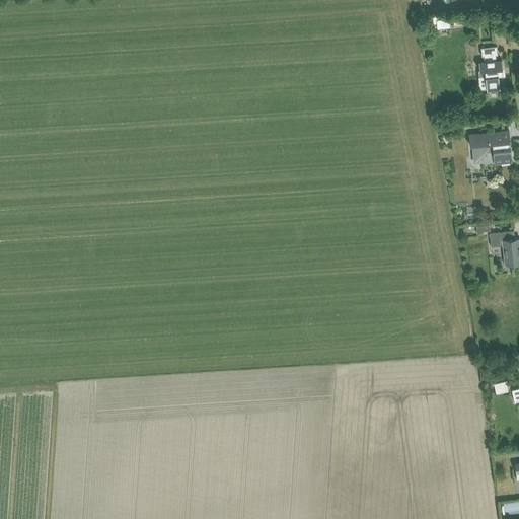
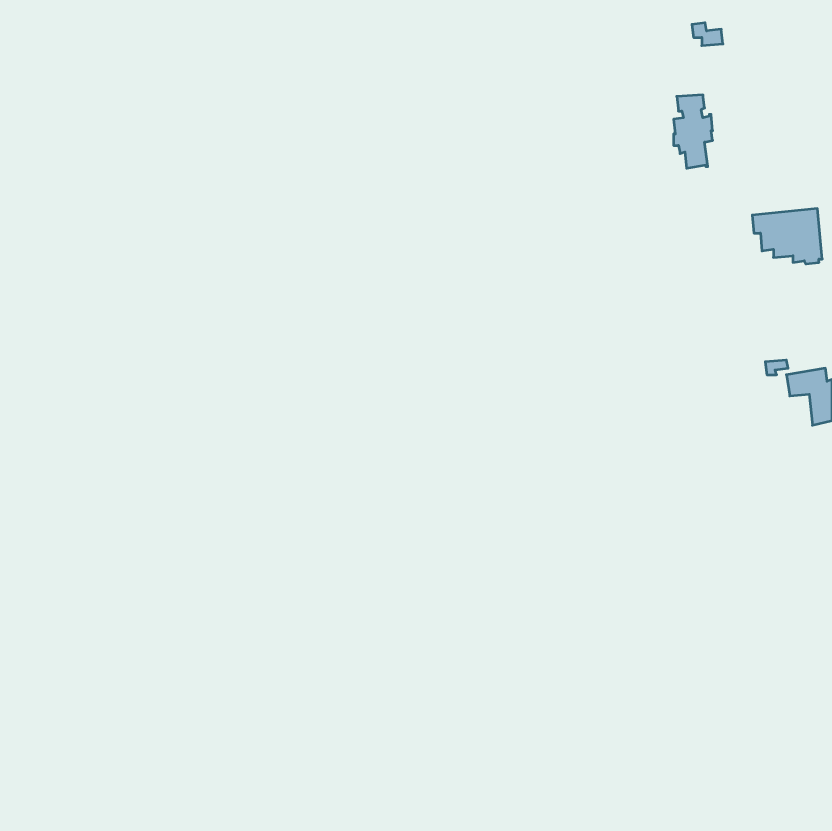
building: [478,47,503,92] -> [674,95,713,168]

